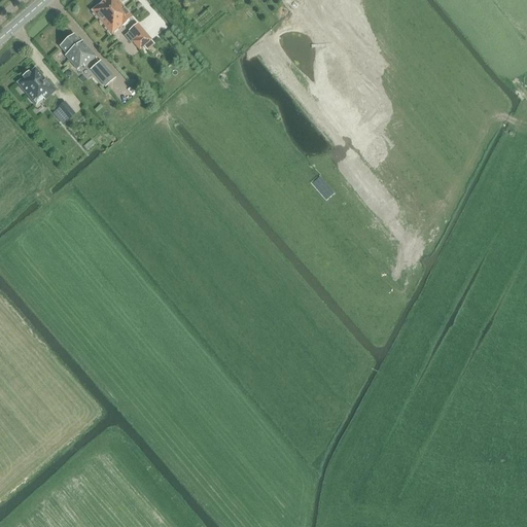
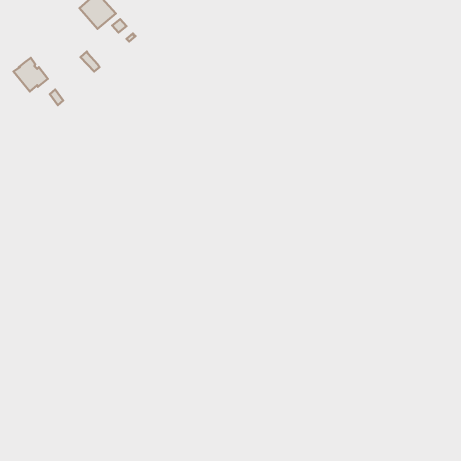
building: [59,33,95,68] -> none

